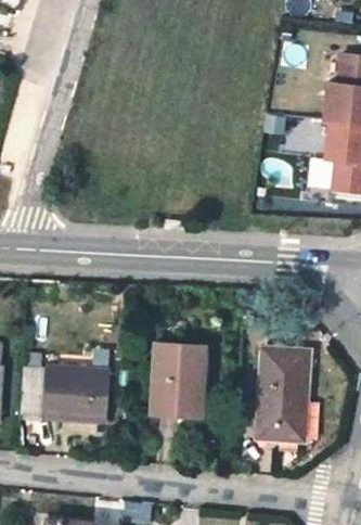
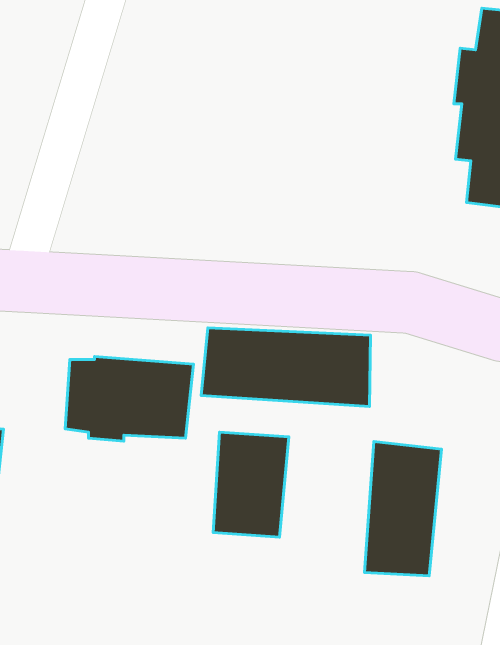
building: none -> [201,328,370,407]
building: [20,367,109,426] -> [65,356,193,441]

